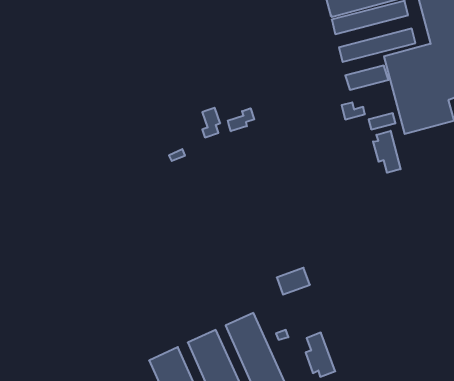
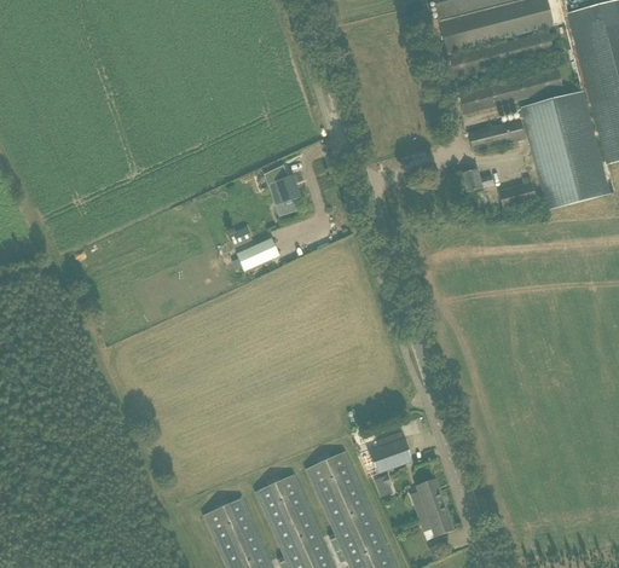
building: [228,108,254,131] -> none
building: [373,131,401,173] -> none
building: none -> [236,237,278,271]
building: [277,268,310,295] -> [368,437,412,474]

